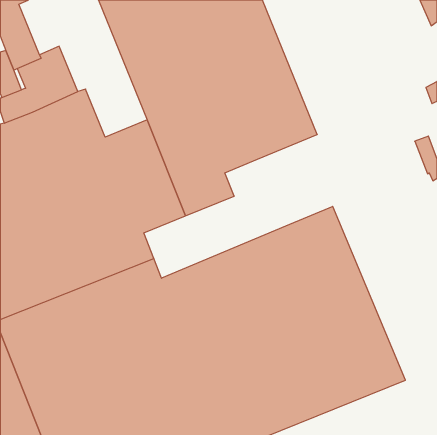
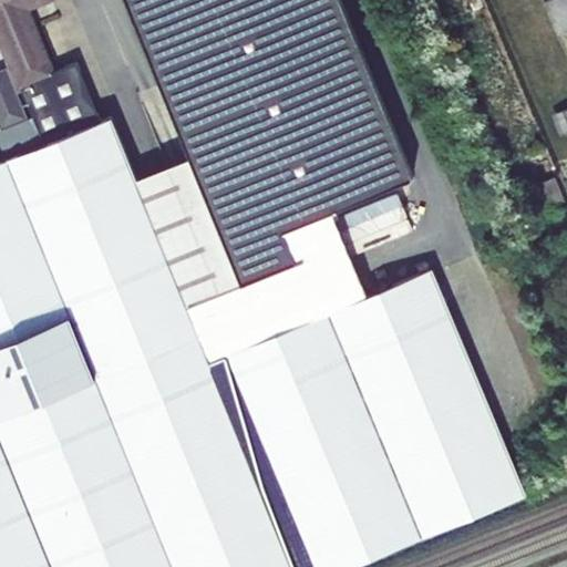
building: none -> [186,195,415,363]

